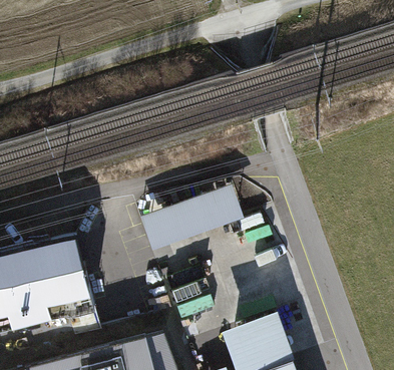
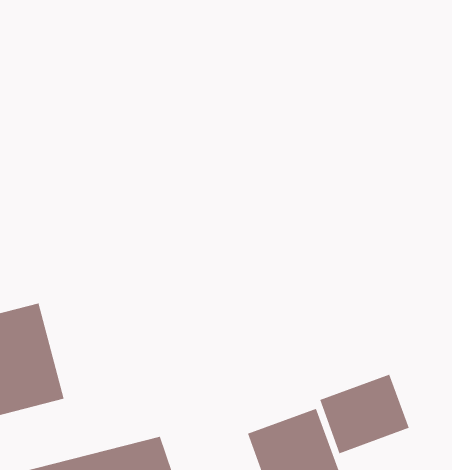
building: [141,184,245,250] -> none
building: none -> [319,374,409,454]

